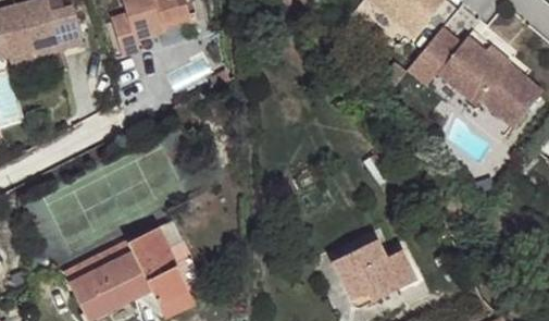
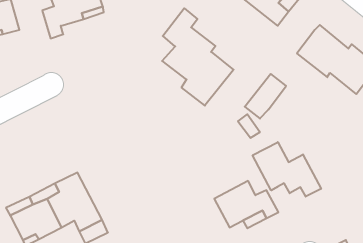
building: none -> [162,8,234,106]
building: [409,28,462,86] -> [245,74,286,119]
building: none -> [253,142,321,197]

